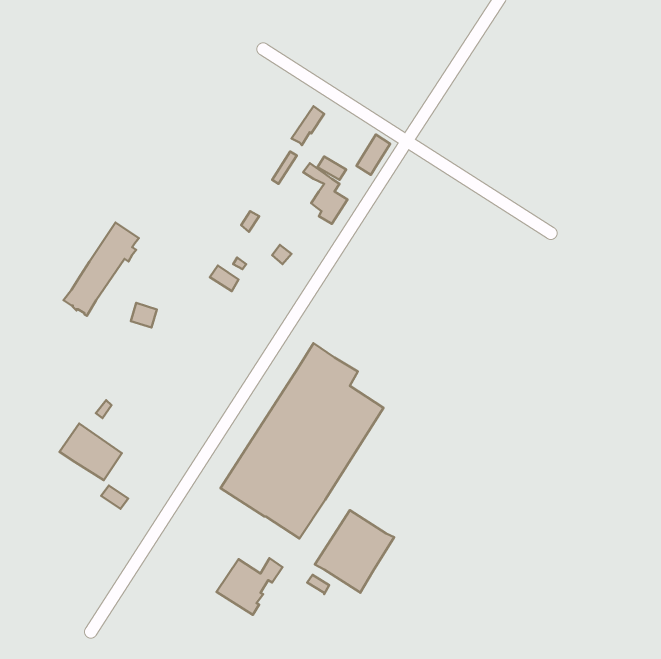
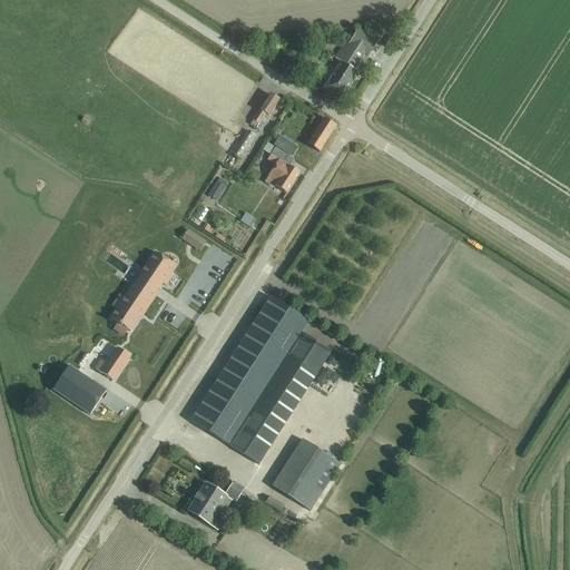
building: none -> [324,26,375,96]
building: [64,223,139,316] -> [109,250,174,331]
building: none -> [95,346,128,380]

